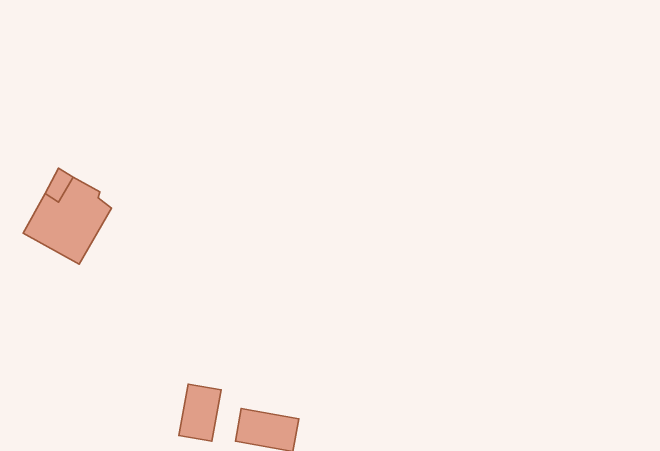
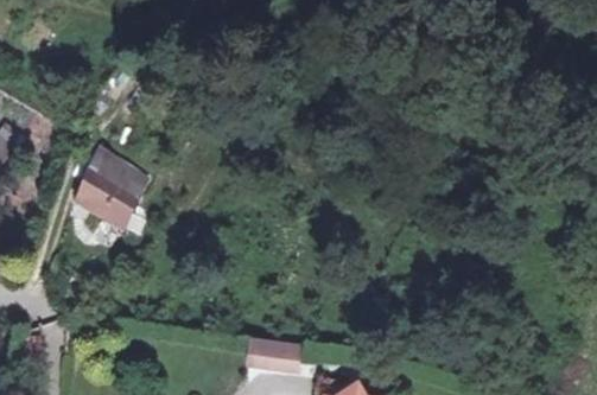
building: [179,384,221,441] -> none

